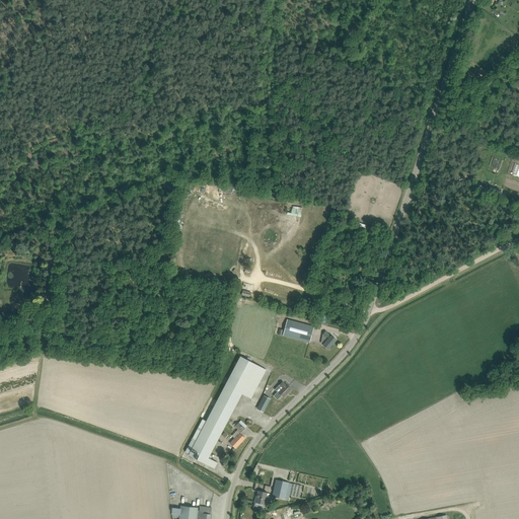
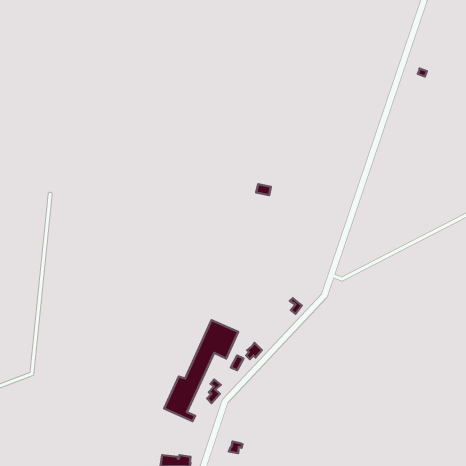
building: [283,319,313,343] -> none
building: [272,479,302,499] -> none

